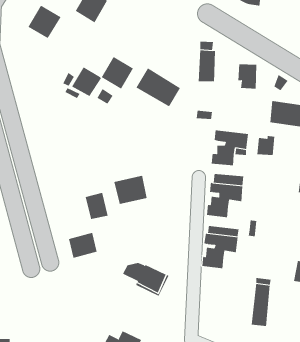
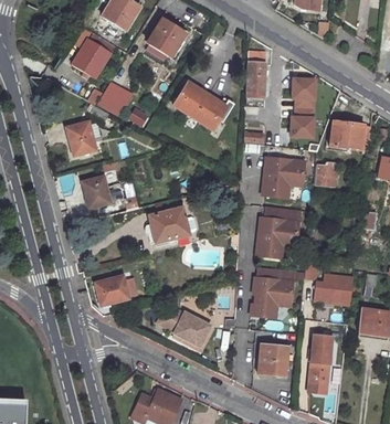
building: [27,5,61,39] -> [72,40,112,80]
building: [101,56,134,89] -> [147,20,186,59]
building: none -> [292,107,315,137]
building: none -> [65,121,95,155]
building: [85,192,108,219] -> [82,176,109,208]
building: none -> [315,274,354,306]
building: none -> [257,346,287,377]

